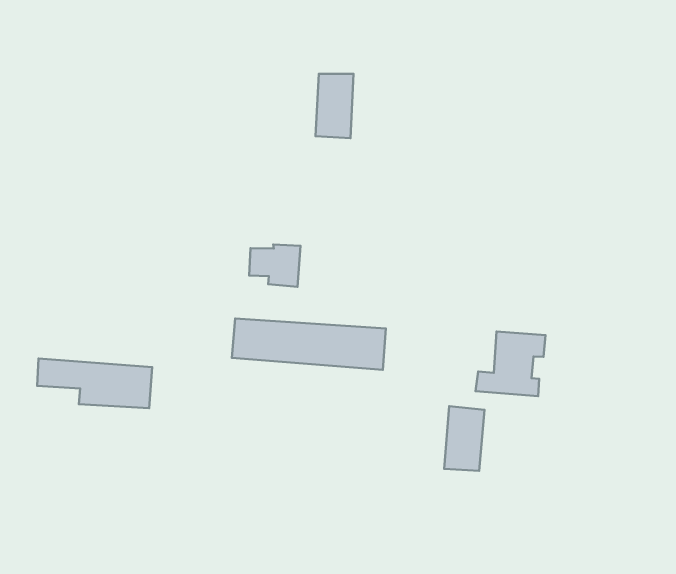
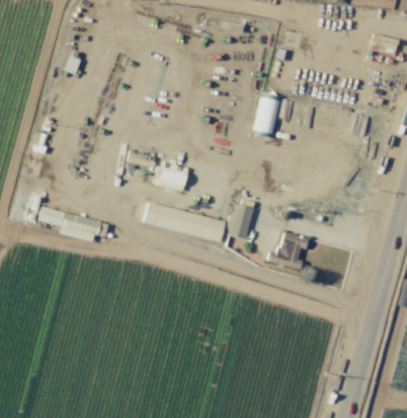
building: [315,74,354,138] -> [254,97,279,134]
building: [444,406,485,471] -> [228,203,254,239]

